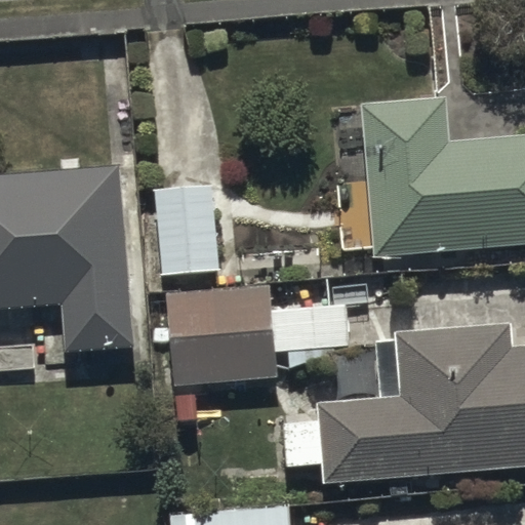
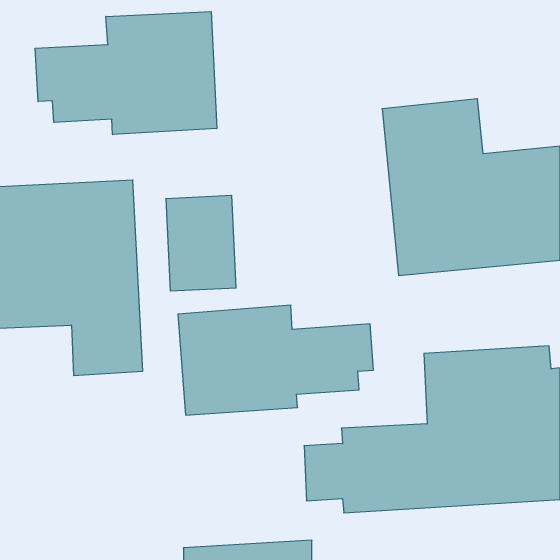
building: none -> [35,12,217,135]

